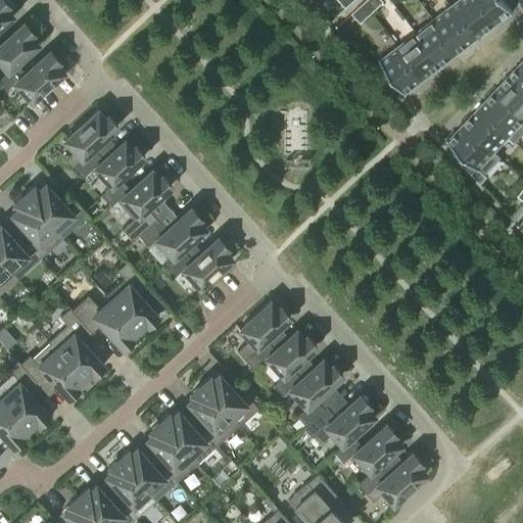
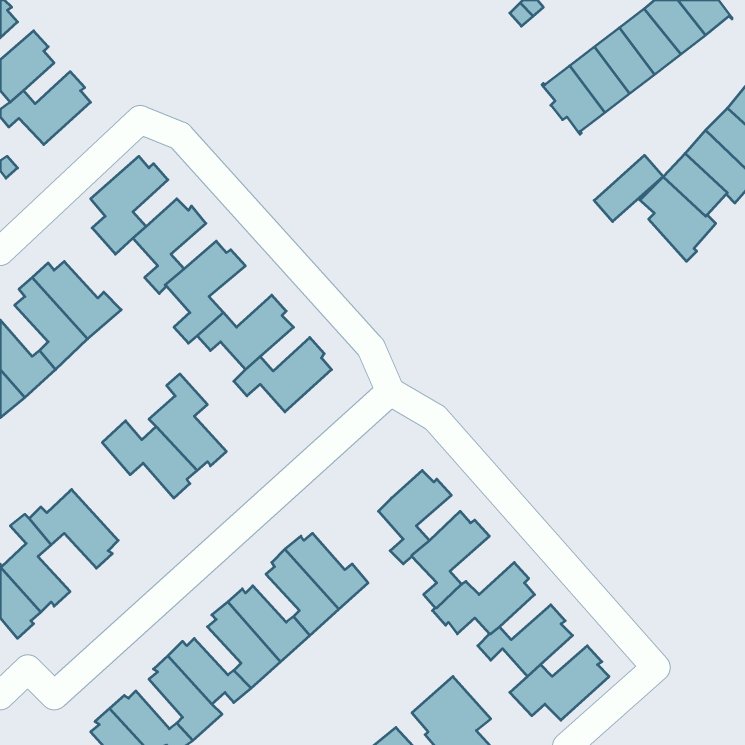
building: none -> [594,155,663,222]
building: [238,301,291,370] -> none
building: [49,308,104,379] -> none

